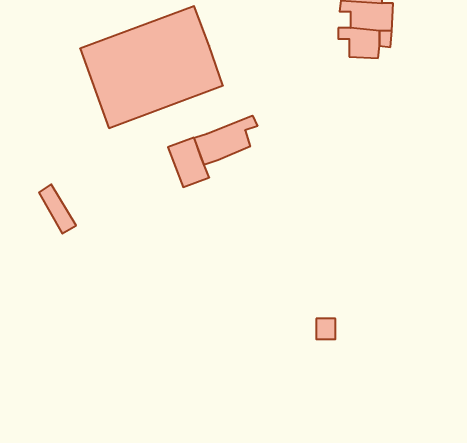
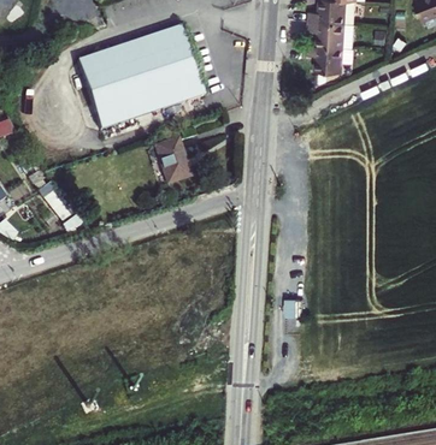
building: [194,116,257,165] -> none

